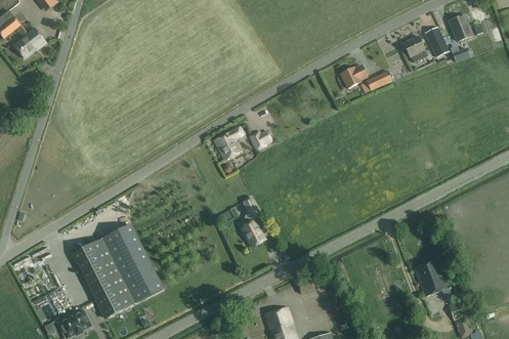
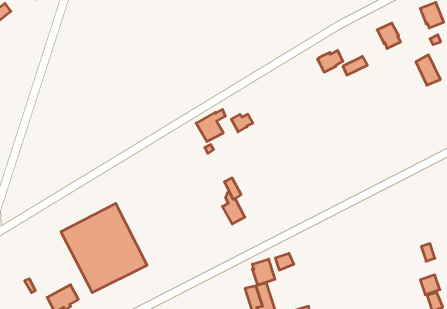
building: [424,26,450,57] -> [416,55,440,85]
building: [13,28,45,57] -> none
building: [414,259,446,295] -> none
building: none -> [252,259,275,285]

